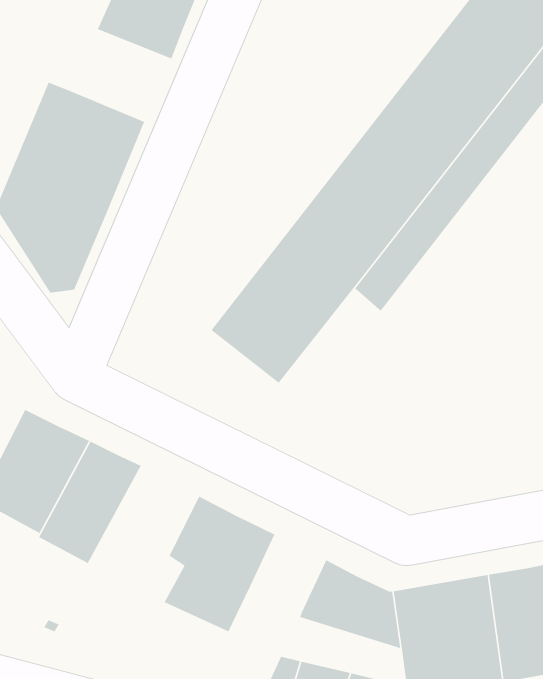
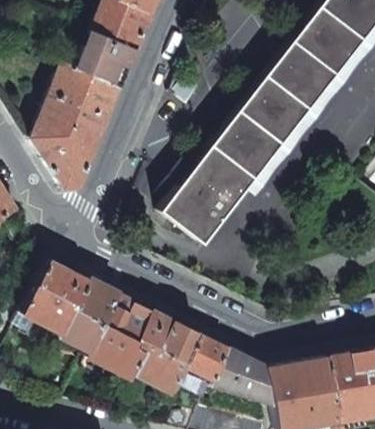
building: none -> [78,31,137,86]
building: none -> [85,292,153,379]
building: none -> [184,333,229,380]

